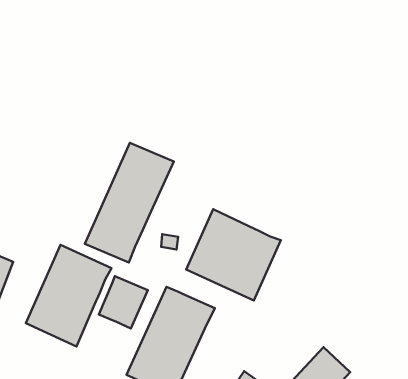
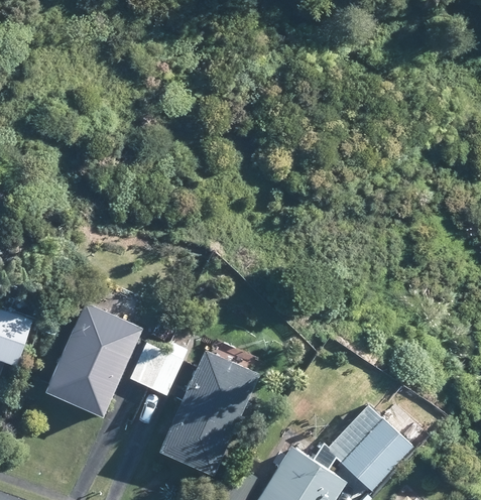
building: [85,143,174,262] -> none
building: [186,209,281,300] -> none

